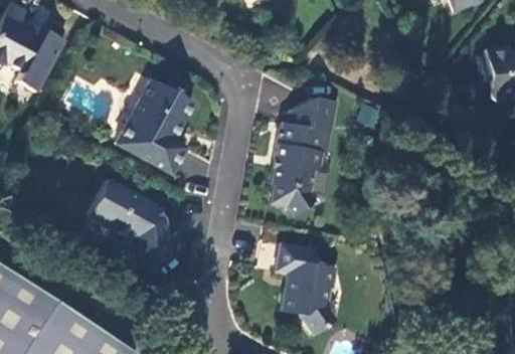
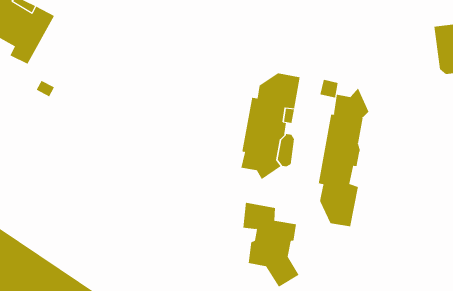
building: [114,77,190,171] -> none
building: none -> [318,88,369,227]
building: [87,178,165,262] -> none

